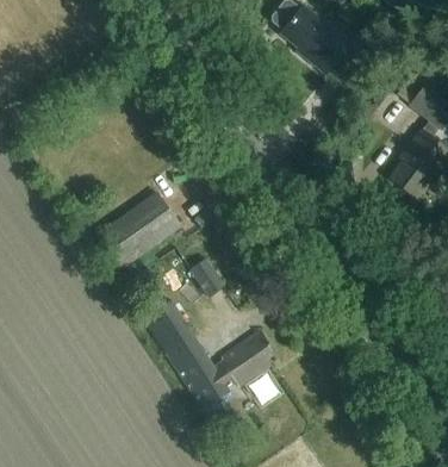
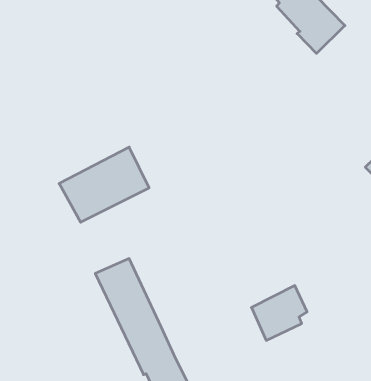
building: [191,256,228,297] -> none
building: [220,329,275,386] -> [251,286,307,340]

